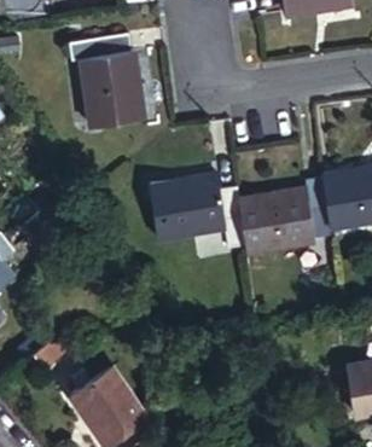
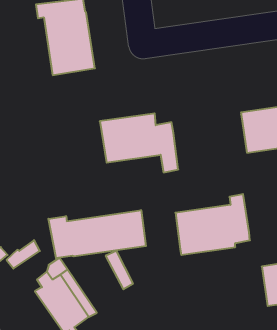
building: [240,178,332,252] -> [175,194,250,255]
building: none -> [48,210,146,258]

